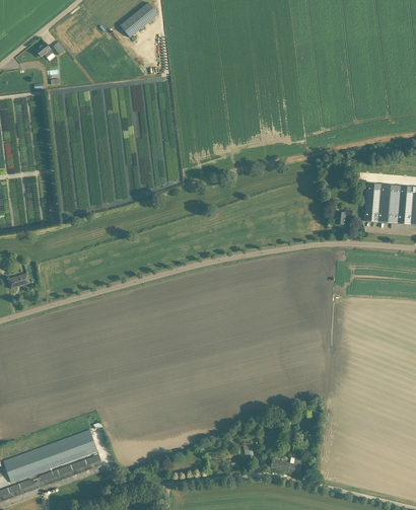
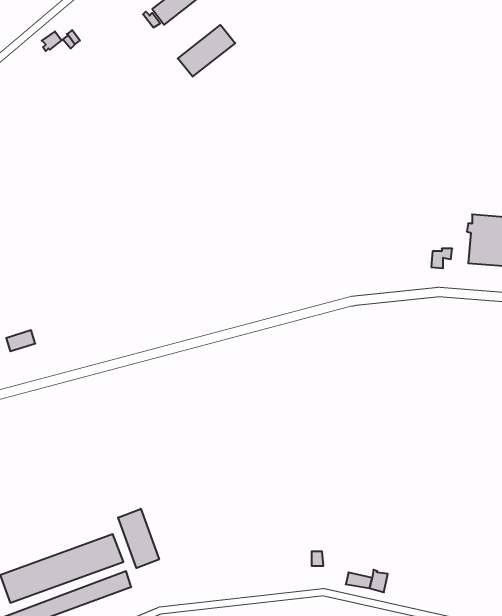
building: none -> [178,25,235,77]
building: none -> [118,509,159,568]

